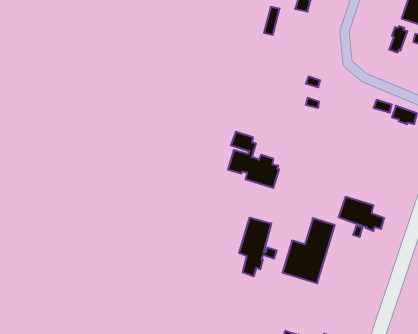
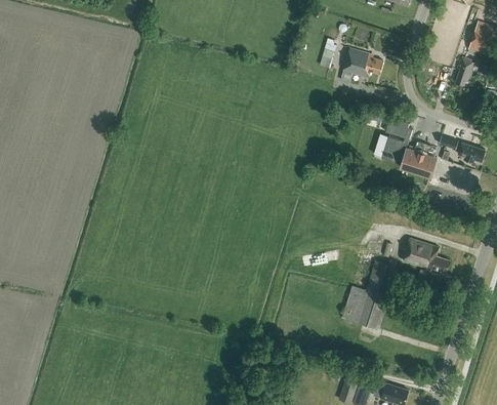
building: none -> [340,47,381,83]
building: [228,132,279,188] -> [381,117,436,176]
building: [239,218,277,276] -> none

